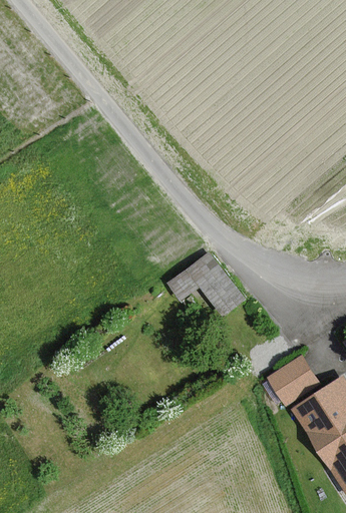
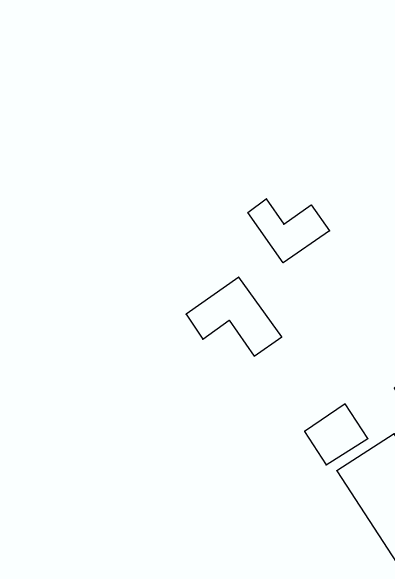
building: none -> [248,199,330,263]

